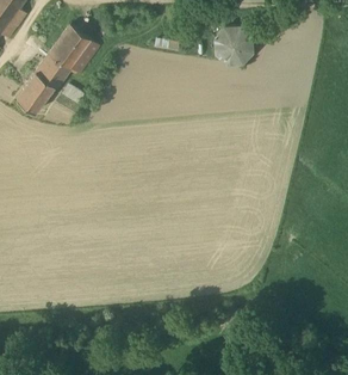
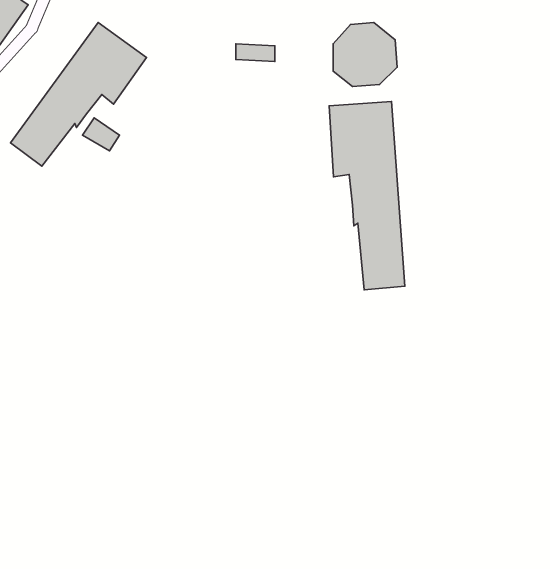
building: none -> [329,102,405,290]

